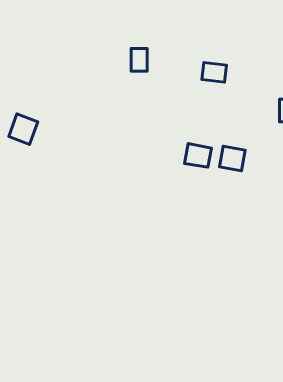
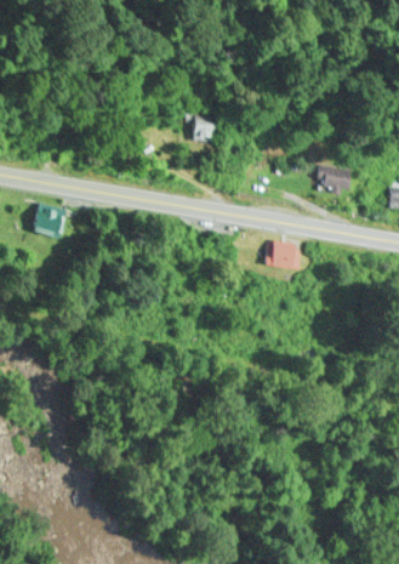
building: [202,62,226,82] -> [320,165,353,192]
building: [219,146,245,171] -> none

